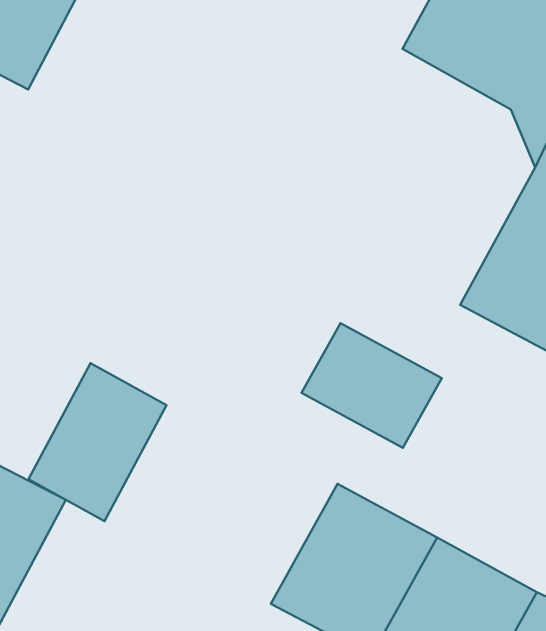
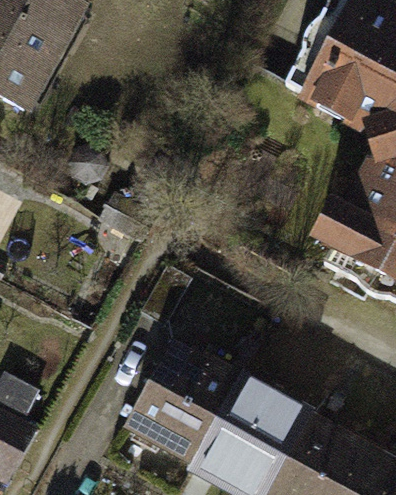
building: [302,323,442,448] -> none
building: [28,363,166,521] -> none
building: none -> [130,347,245,468]

